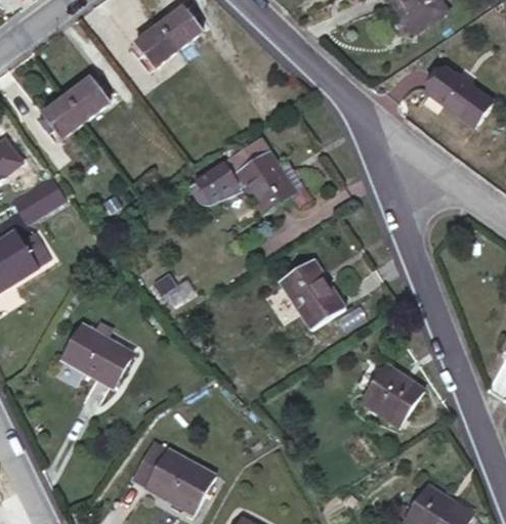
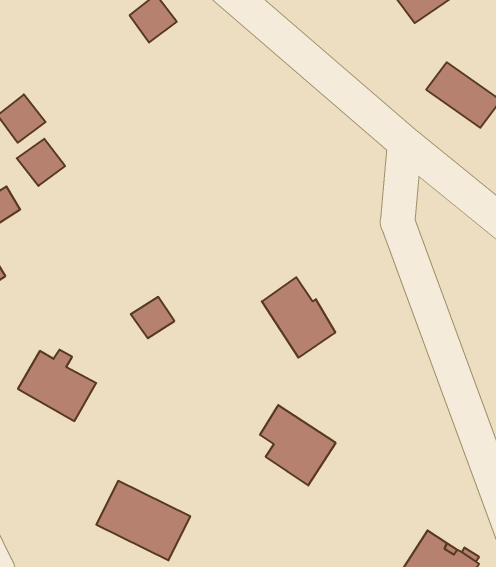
building: [136,26,178,69] -> none
building: [67,79,110,121] -> [17,139,65,186]
building: [188,137,309,215] -> none
building: [355,355,423,427] -> [260,405,336,486]

